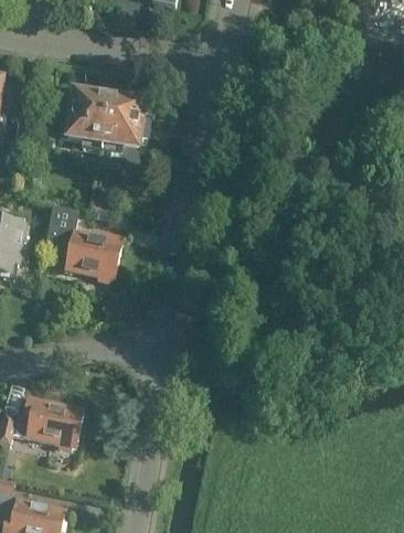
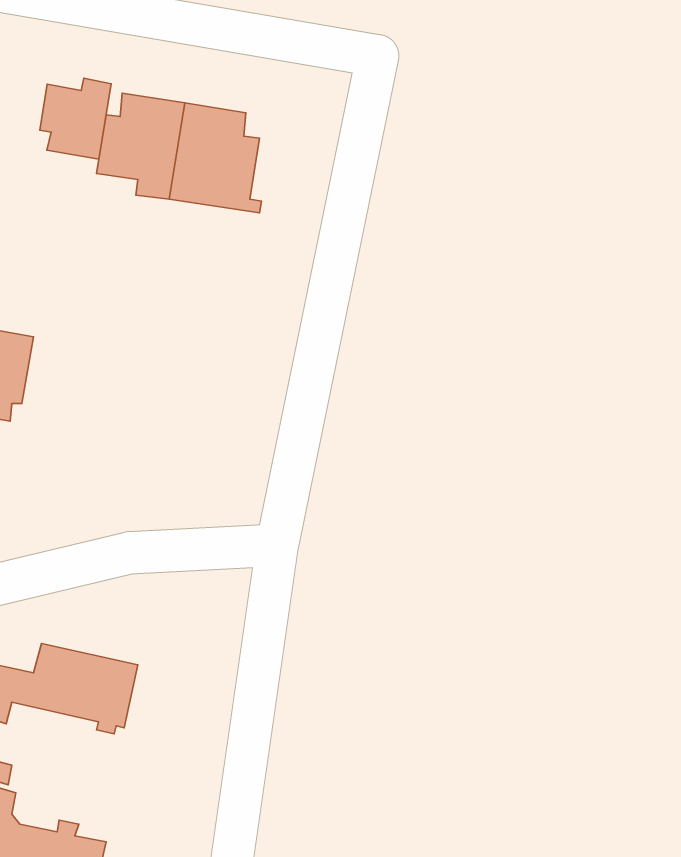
building: none -> [40,78,111,159]
building: [45,202,121,280] -> none

